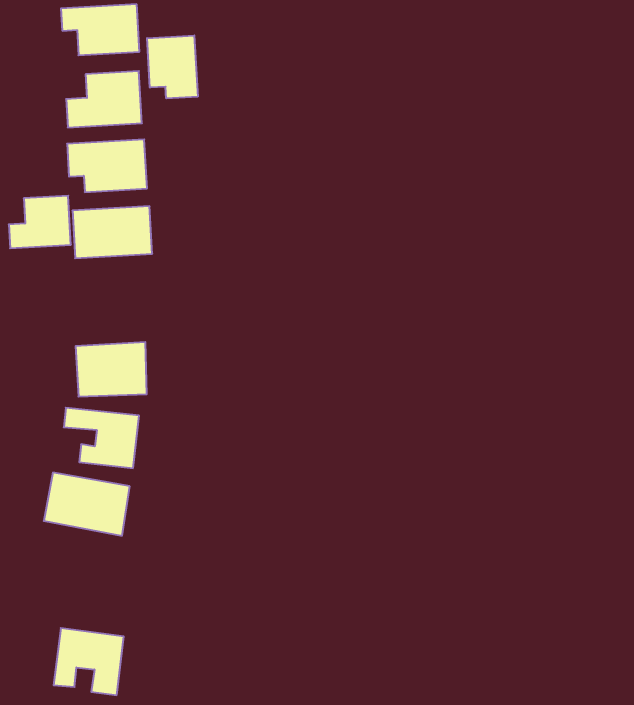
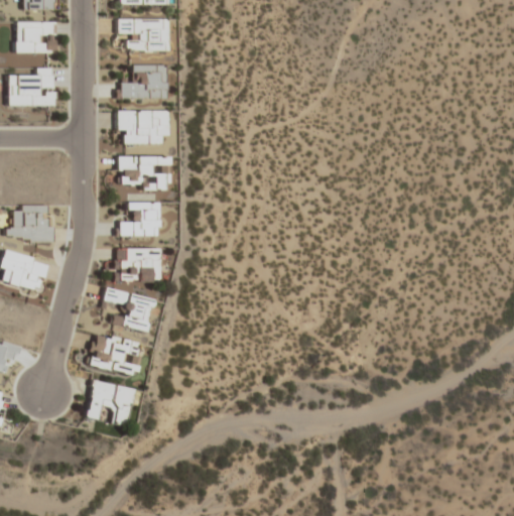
building: [147,35,198,98] -> none
building: [9,196,71,248] -> [118,203,159,236]
building: [54,628,124,695] -> [85,379,134,426]

